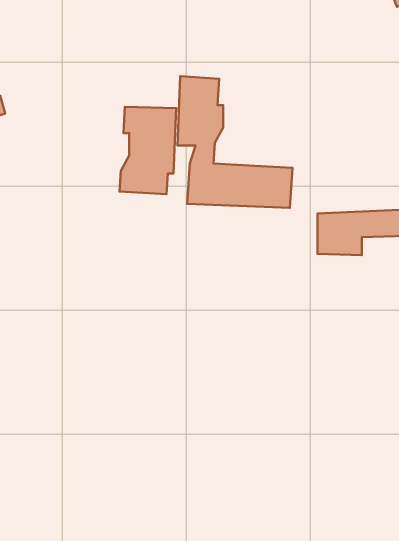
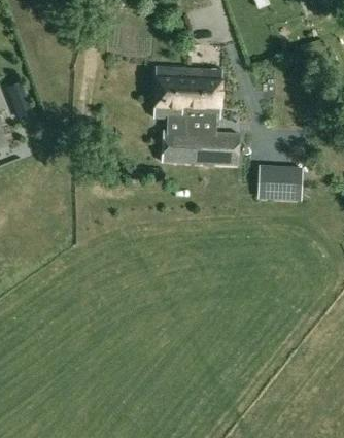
building: [119,107,176,194] -> [181,68,223,133]

